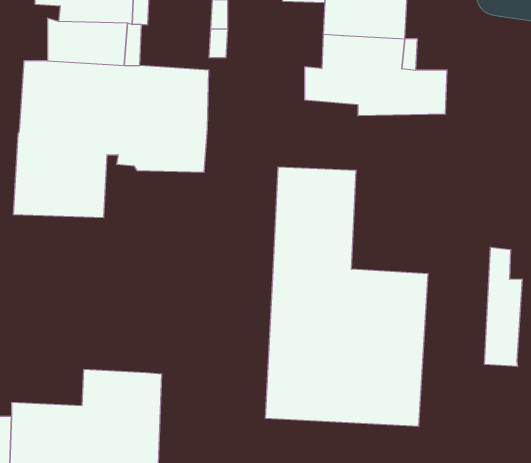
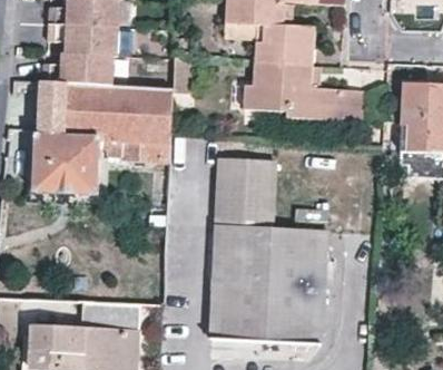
building: [485,247,522,367] -> none

